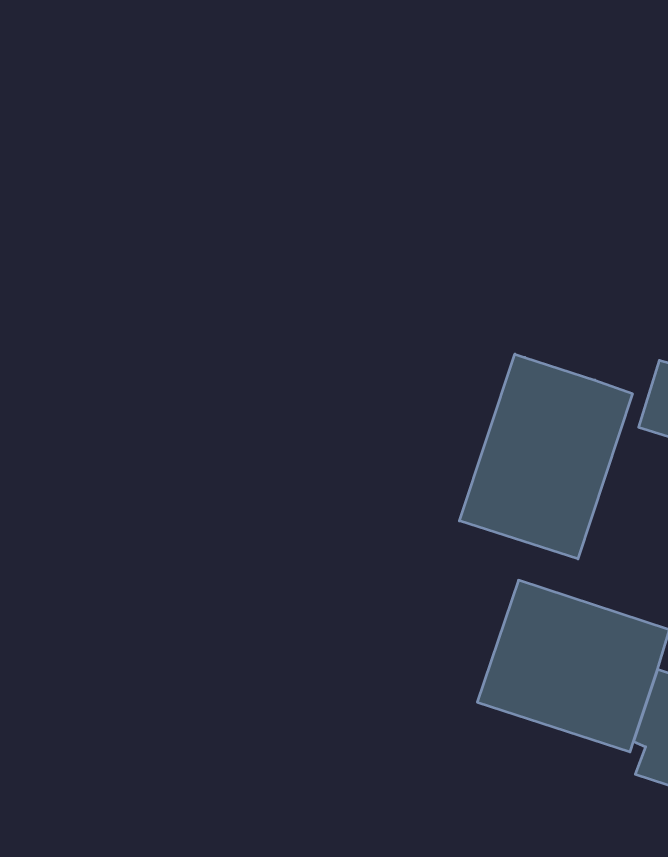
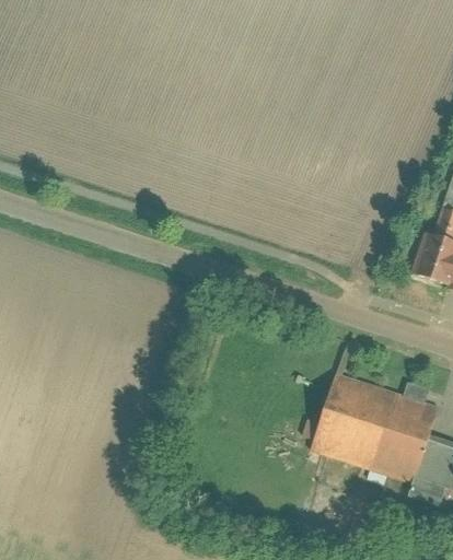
building: [459,354,632,559] -> none

